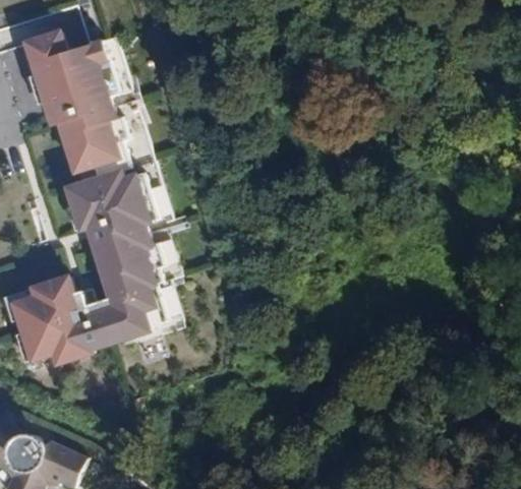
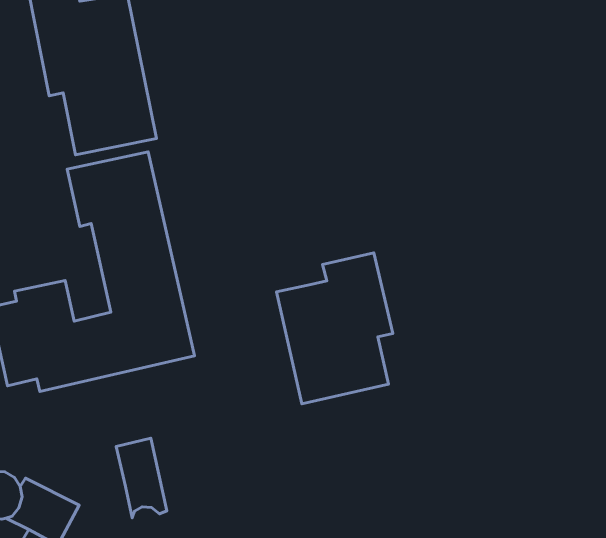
building: none -> [277,253,393,404]
building: none -> [116,438,167,518]

